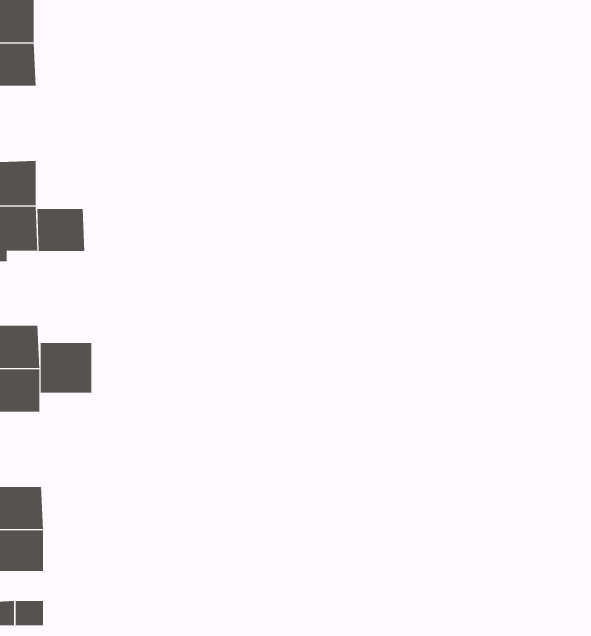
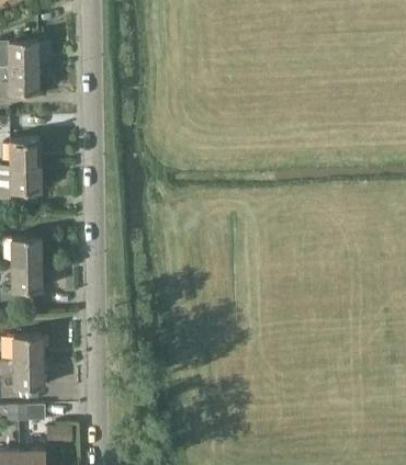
building: [37,208,85,252] -> none
building: [40,342,92,393] -> none

